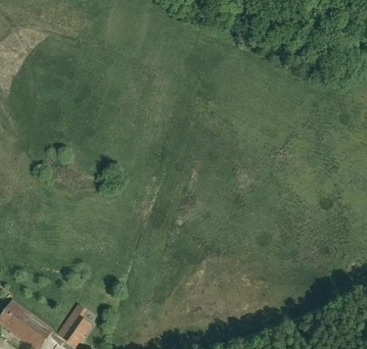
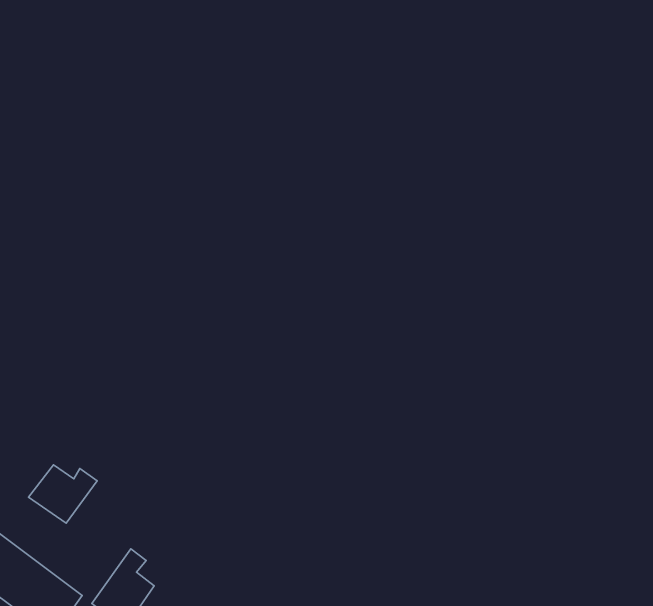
building: none -> [28,465,97,523]

